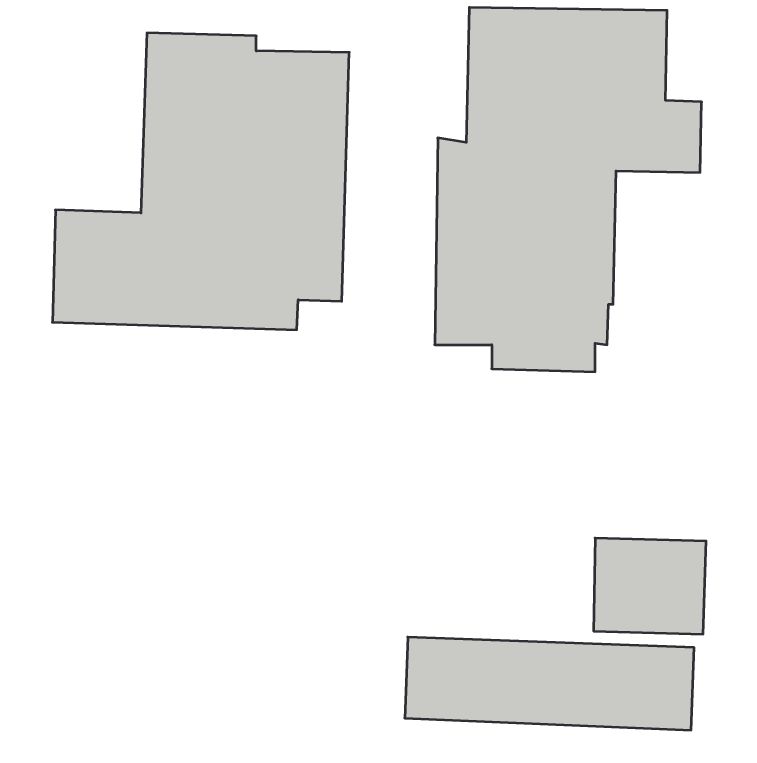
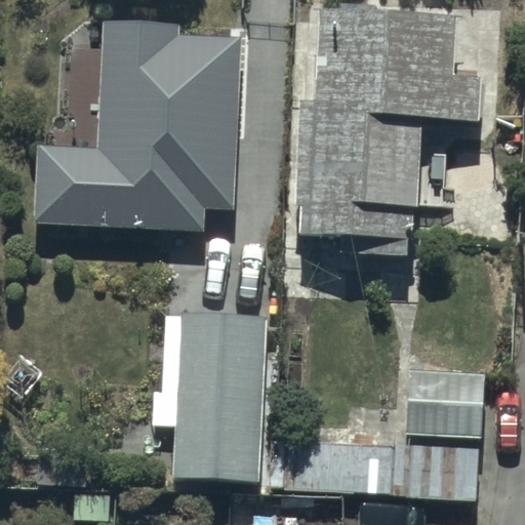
building: none -> [169,310,265,482]

